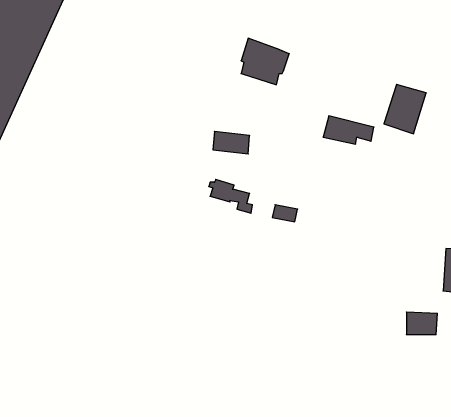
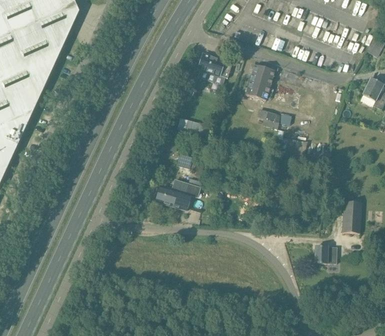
building: [384,84,426,134] -> [245,65,275,100]
building: none -> [155,179,191,210]

